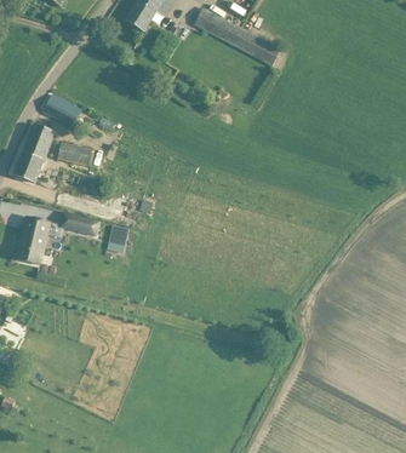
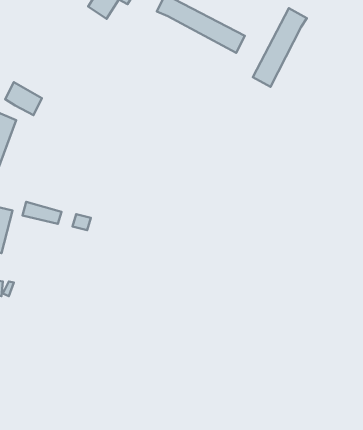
building: none -> [253,8,307,87]
building: [56,143,91,166] -> none

